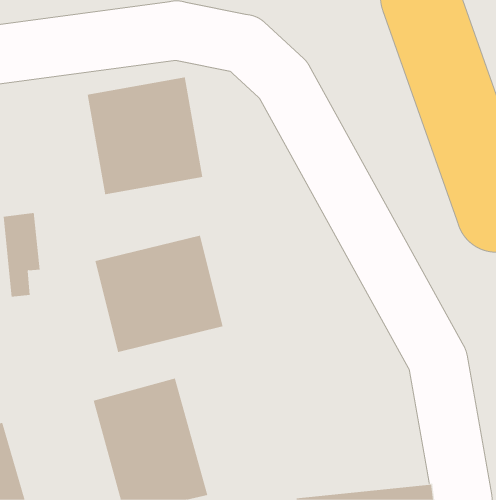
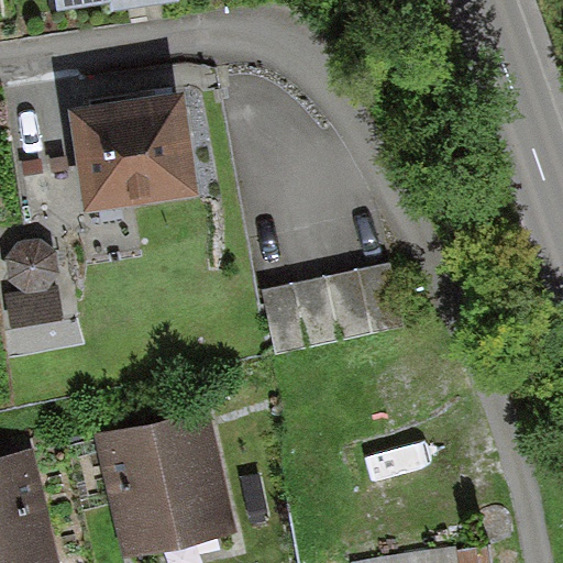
building: [95,235,223,353] -> none
building: none -> [251,264,388,347]

